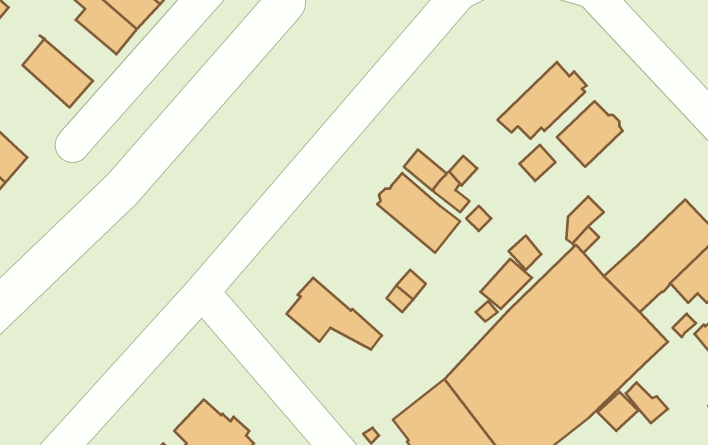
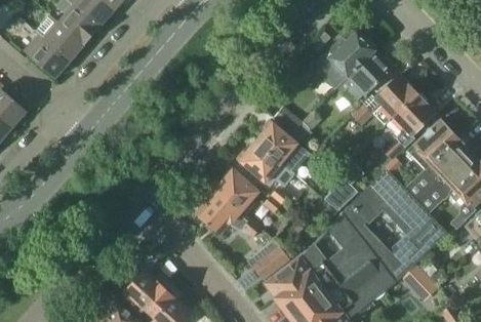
building: none -> [35,14,85,62]
building: none -> [313,31,376,89]
building: none -> [393,94,436,136]
building: none -> [407,120,458,170]
building: none -> [239,143,294,187]
building: none -> [214,170,256,212]
building: none -> [252,247,288,280]

